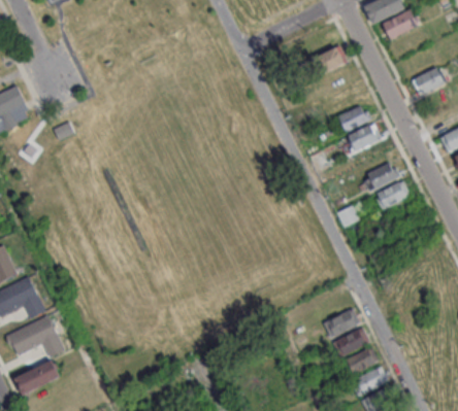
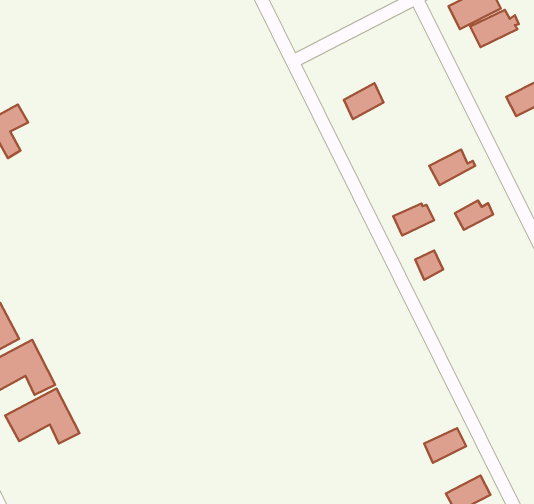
building: [315,45,347,74] -> [344,83,383,119]
building: [338,105,370,131] -> none
building: [375,181,408,207] -> [393,203,434,235]
building: [323,309,358,338] -> none
building: [332,327,369,356] -> none
building: [14,361,60,395] -> none
building: [353,367,387,395] -> none

